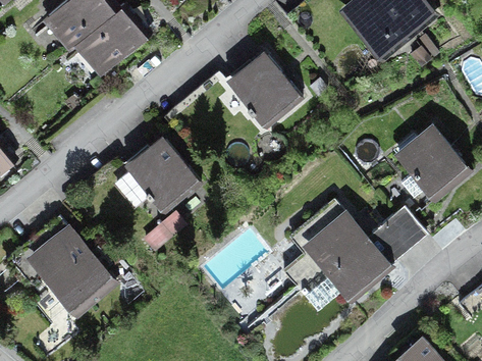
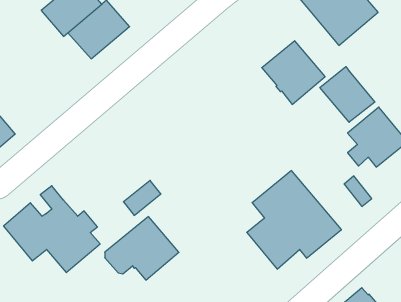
building: [230,57,303,130] -> [262,41,325,104]
building: none -> [320,67,375,122]
building: [116,142,201,214] -> [105,217,179,280]
building: [371,215,414,259] -> none

